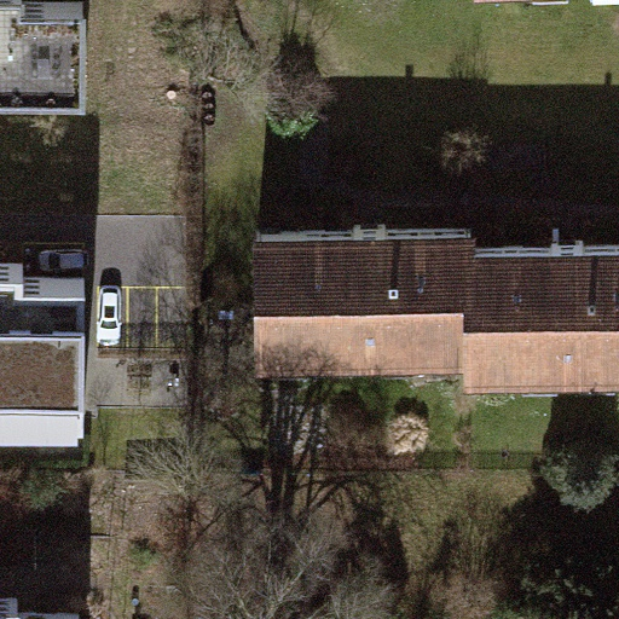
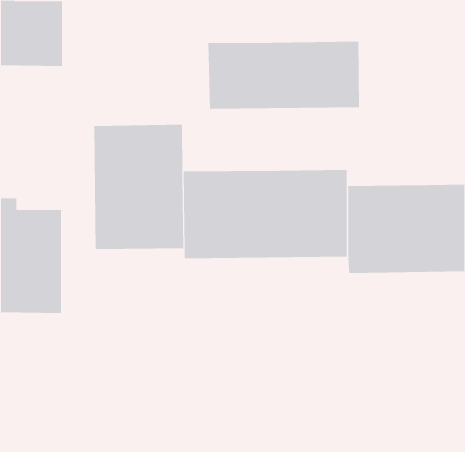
building: none -> [208,41,359,109]
building: none -> [94,124,184,250]

